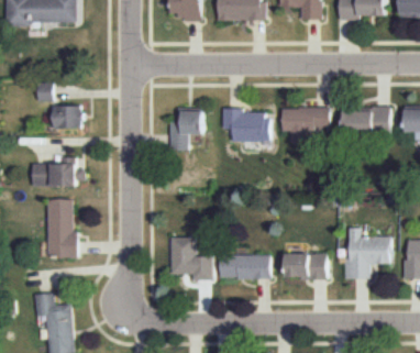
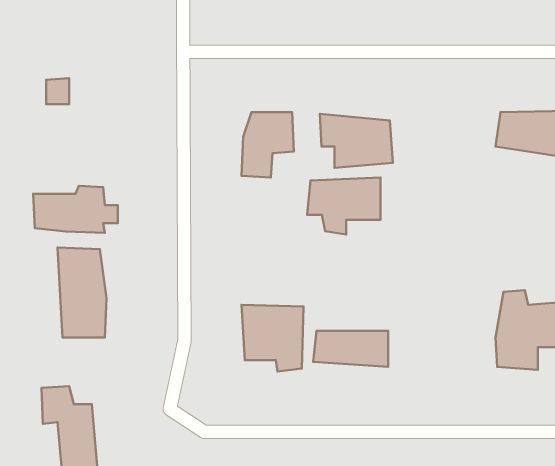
building: [53,101,81,132] -> none
building: [279,106,329,144] -> [307,177,380,234]
building: [284,253,325,279] -> none

